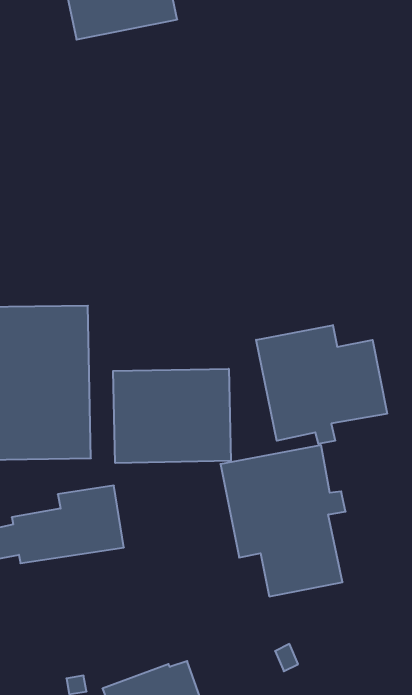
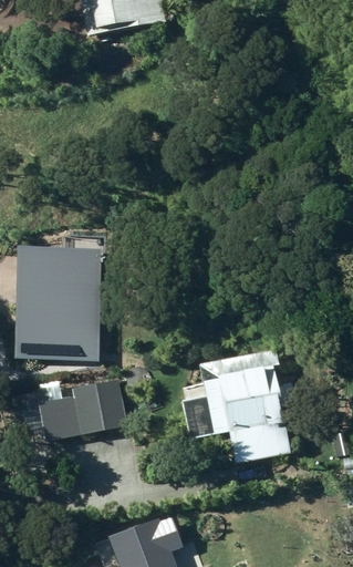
building: [256,325,387,444] -> none
building: [113,369,231,463] -> none

